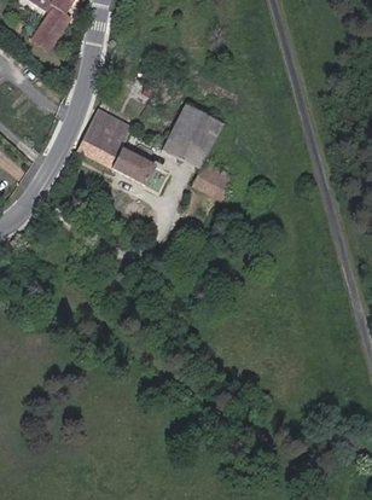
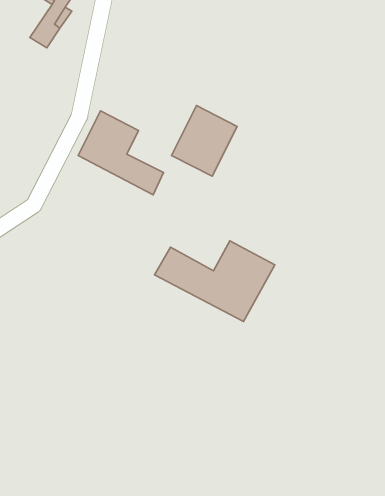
building: [192,163,233,200] -> none
building: none -> [155,241,275,322]

